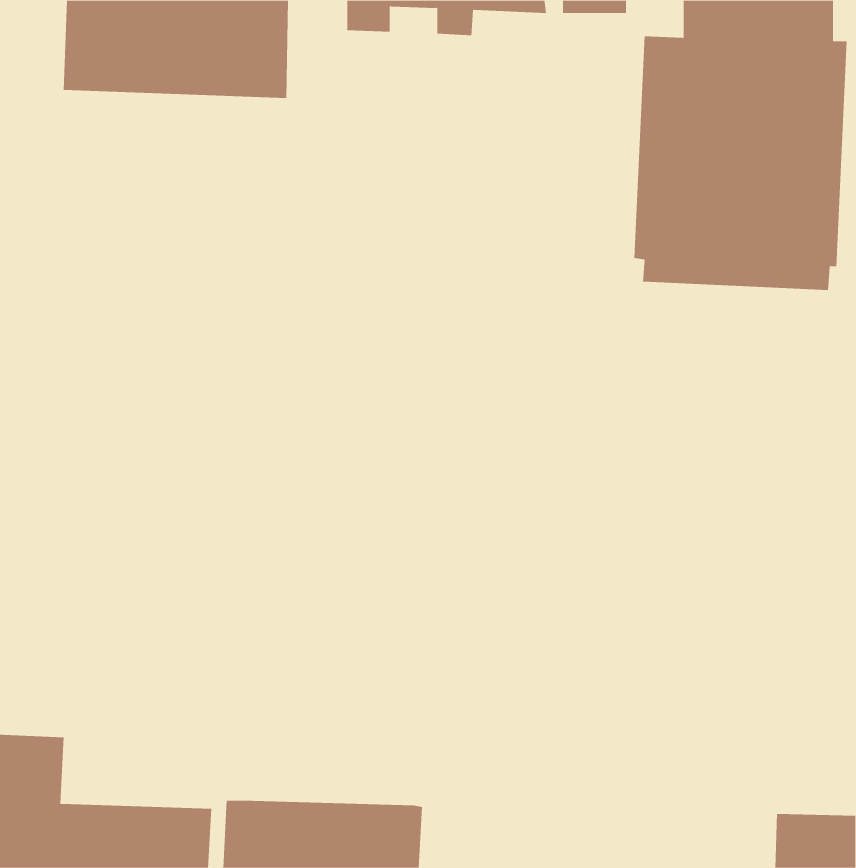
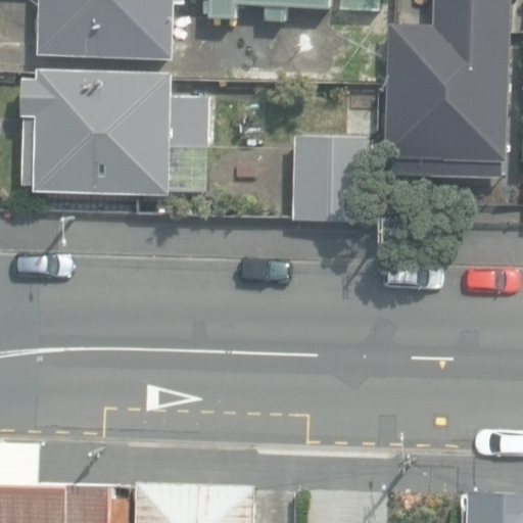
building: none -> [19,69,208,193]
building: none -> [291,133,366,222]

